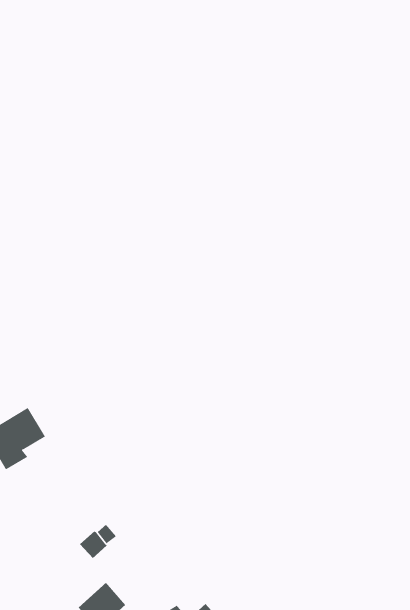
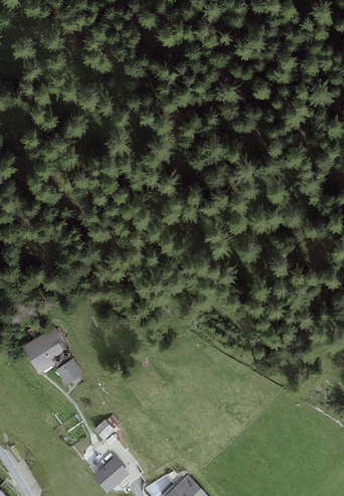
building: none -> [55,359,82,385]

